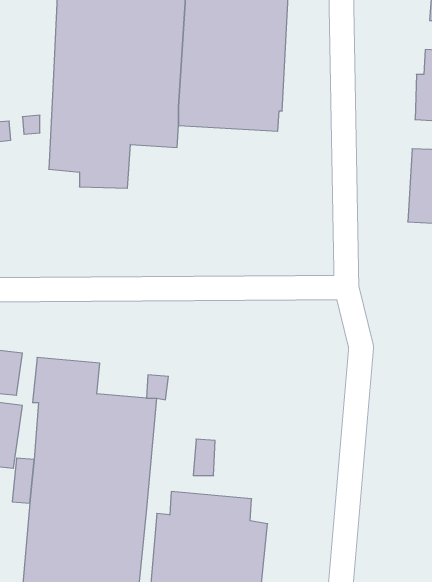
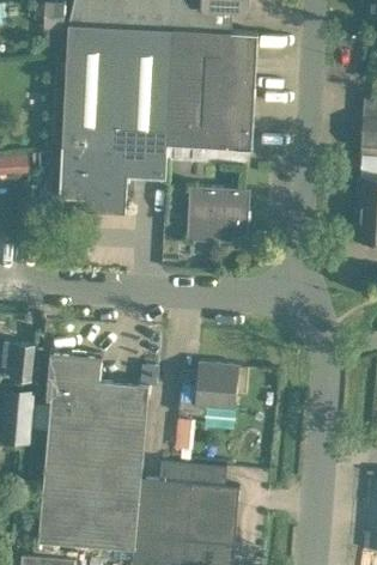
building: none -> [187,188,249,244]
building: none -> [178,364,238,417]

